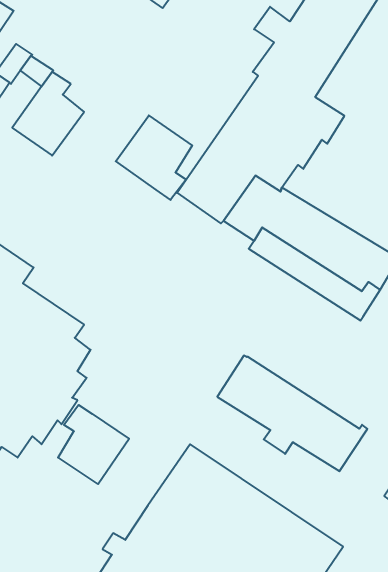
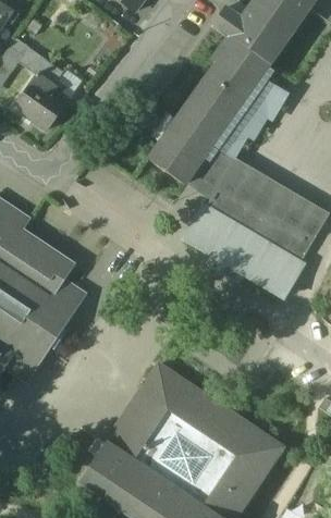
building: [116,115,192,200] -> none
building: [217,356,367,471] -> [182,203,305,298]
building: [58,405,129,484] -> none

